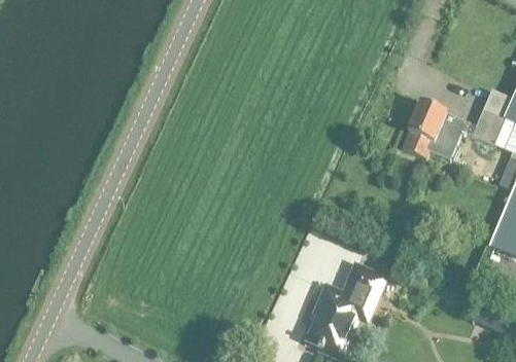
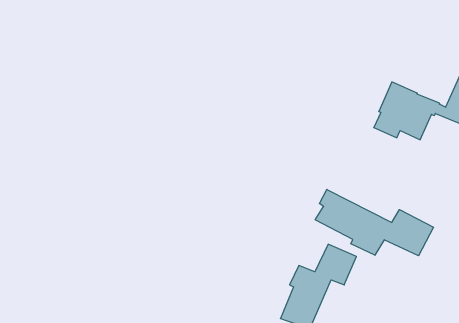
building: none -> [315,189,434,256]

